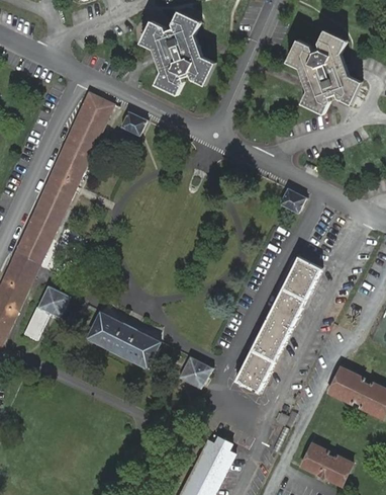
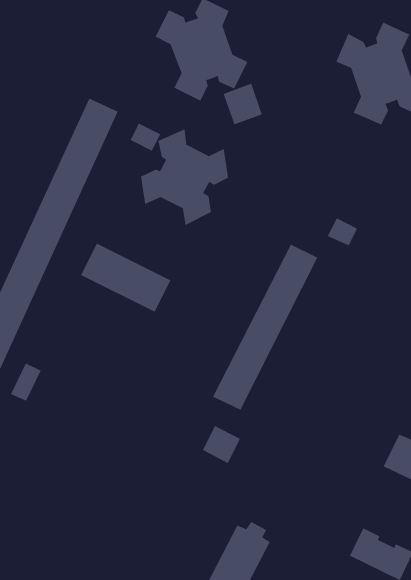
building: none -> [223,83,263,125]
building: none -> [141,128,228,226]
building: [236,258,322,394] -> [212,244,318,411]
building: [36,287,68,318] -> none
building: [86,313,160,369] -> [80,243,171,312]

